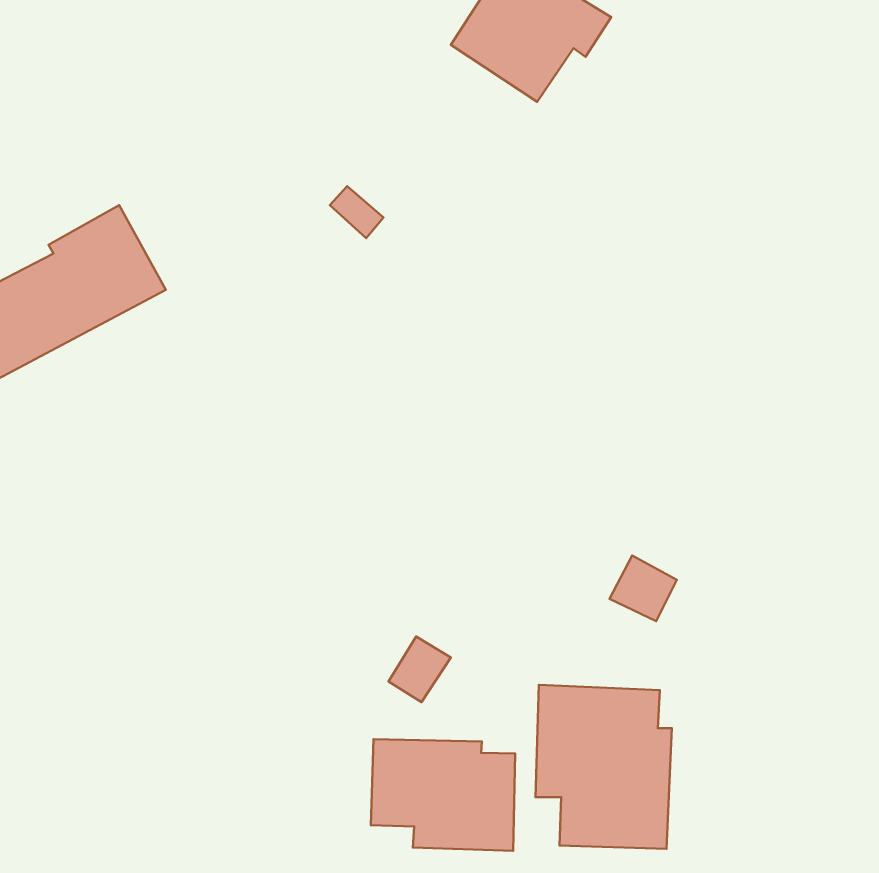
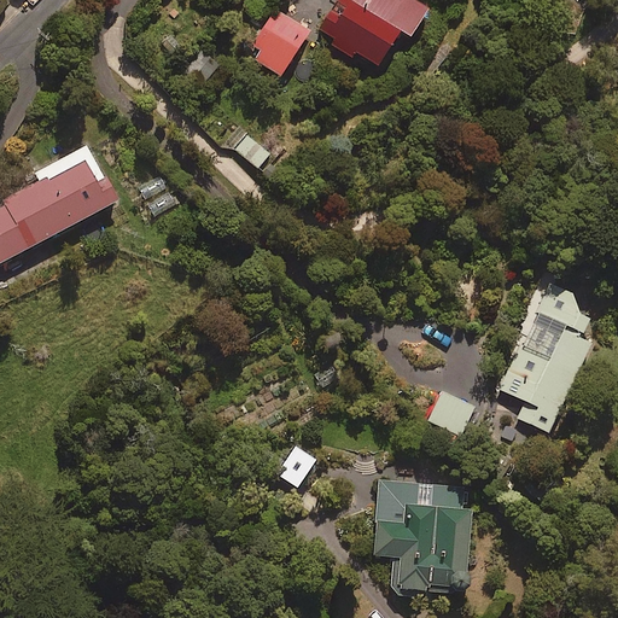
building: none -> [250,6,309,77]
building: none -> [496,285,593,433]
building: [371,739,515,851] -> none

